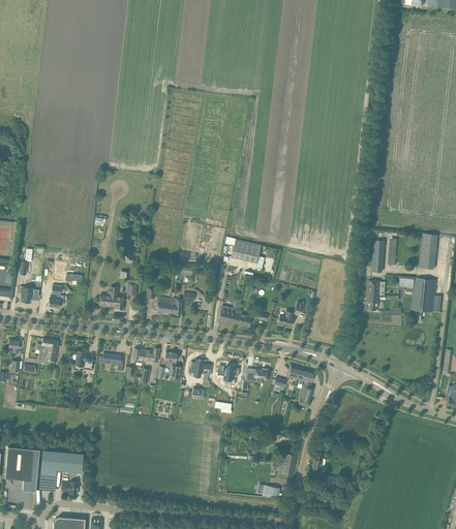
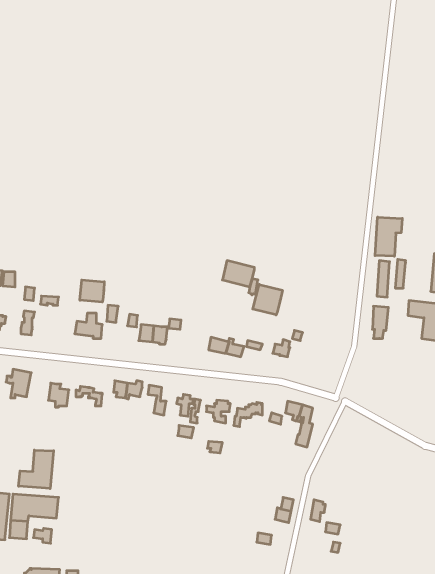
building: none -> [375,217,402,256]
building: none -> [80,280,104,302]
building: none -> [253,284,282,315]
building: none -> [19,450,54,489]

